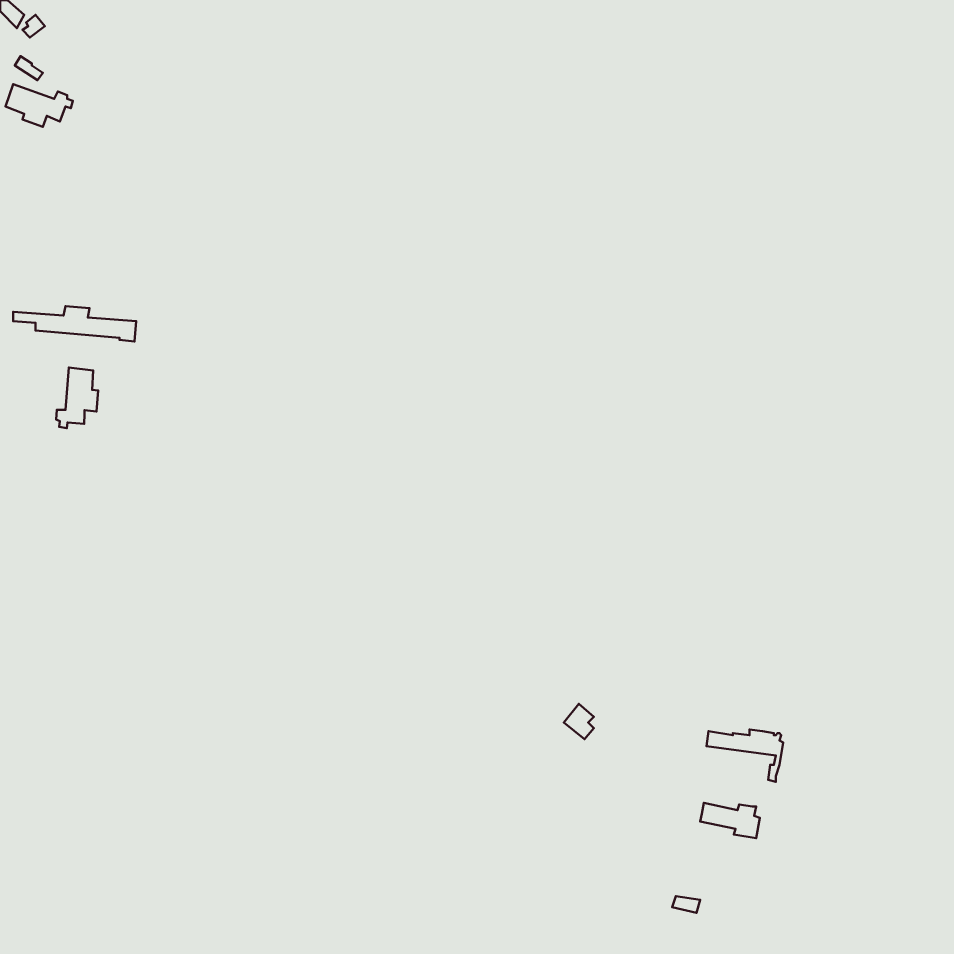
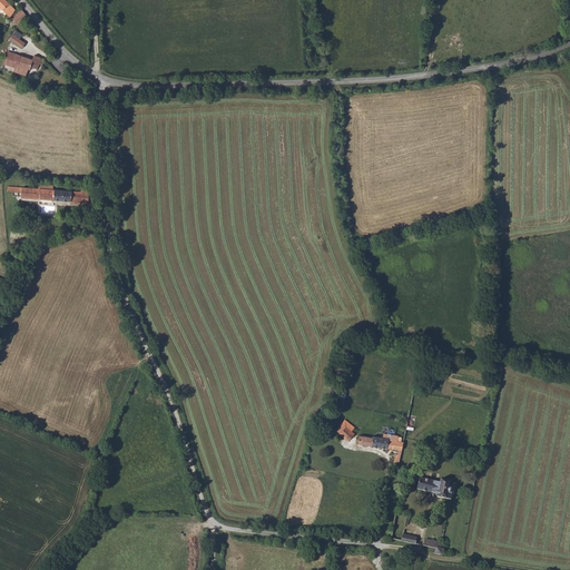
building: [56,368,98,428] -> none
building: [707,729,783,782] -> [357,434,403,465]

